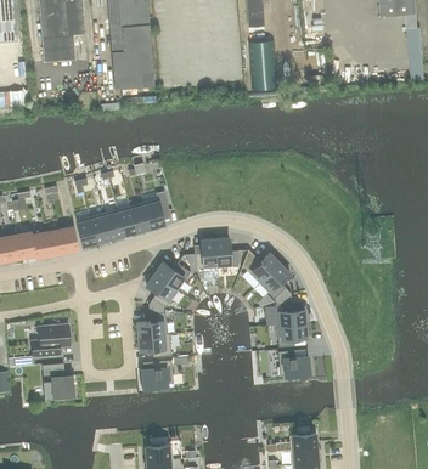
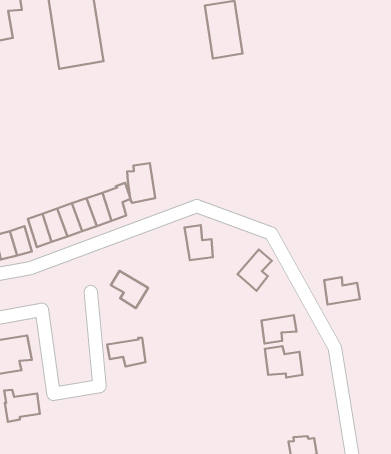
building: [195,238,218,272] -> [127,163,155,203]
building: [244,253,280,283] -> none
building: [154,261,191,289] -> none
building: [276,303,306,326] -> [324,277,360,304]
building: [137,312,167,337] -> none
building: [140,360,174,389] -> none

